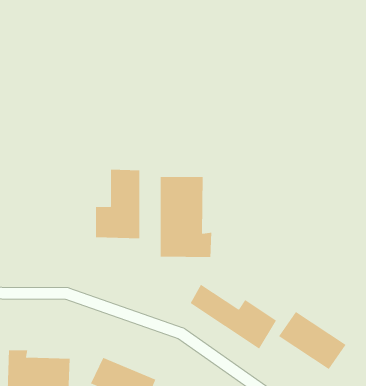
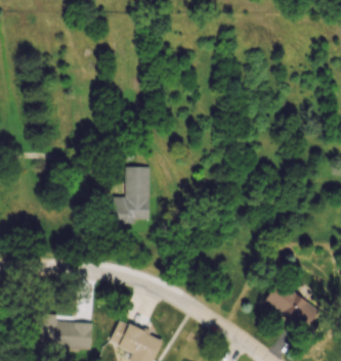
building: [160,176,212,258] -> none
building: [190,284,277,350] -> none

